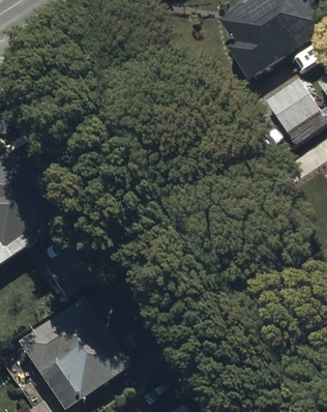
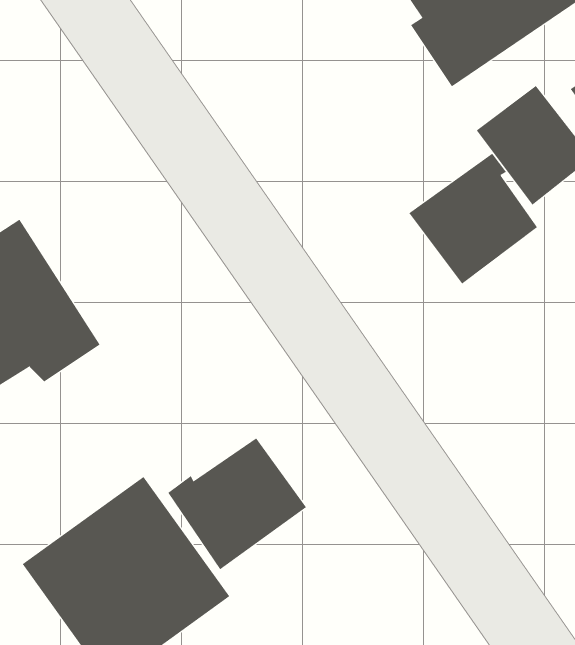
building: none -> [409,153,538,284]
building: none -> [167,437,307,570]

